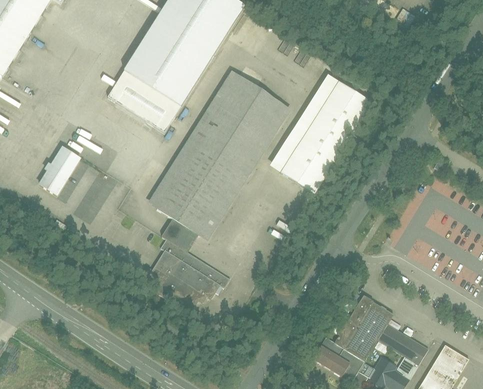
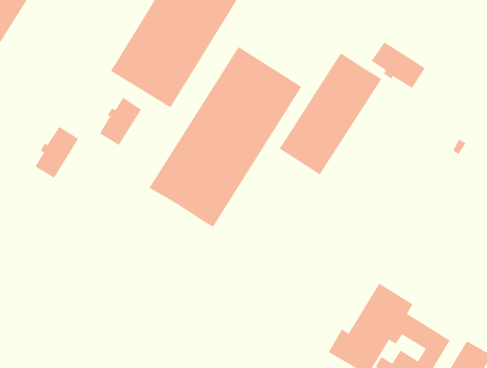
building: none -> [371,41,426,89]
building: none -> [99,97,142,146]
building: [147,218,230,307] -> none

